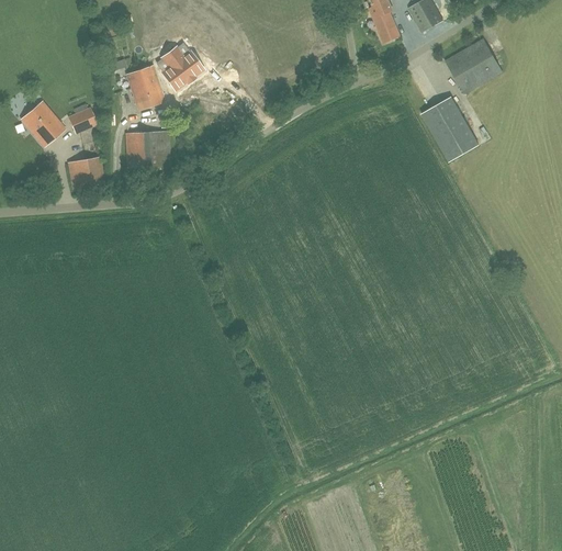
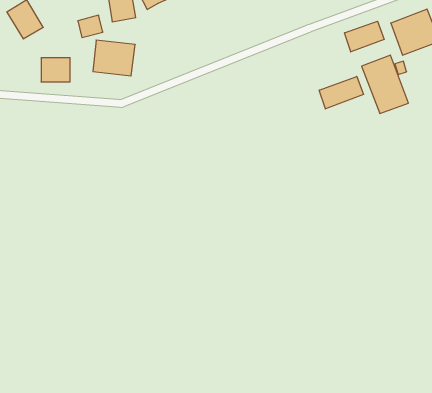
building: none -> [345,21,384,52]
building: [67,106,97,134] -> [78,15,103,38]
building: none -> [319,76,364,109]

